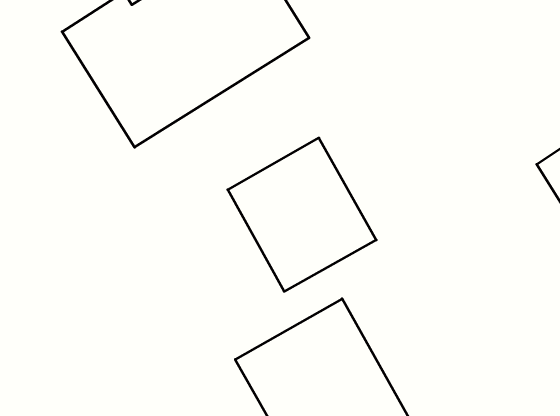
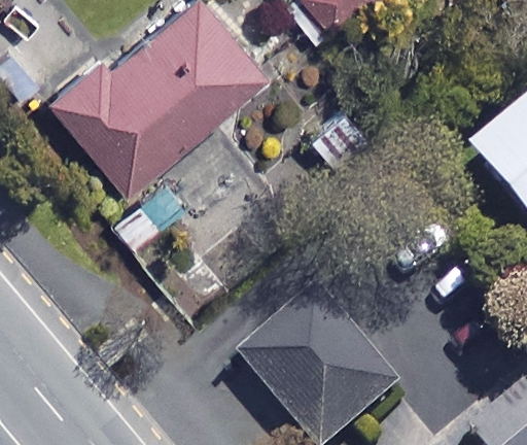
building: [228,138,376,291] -> none

